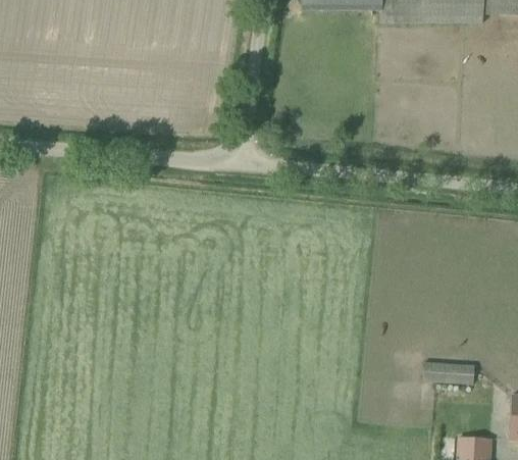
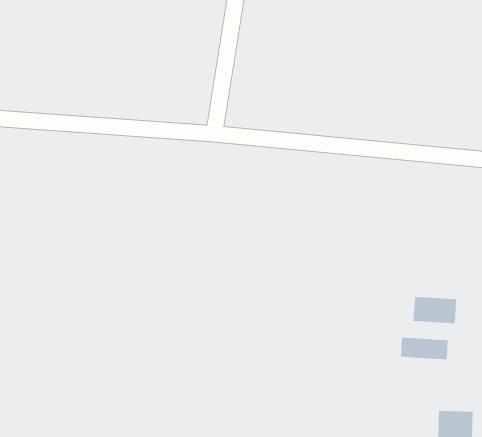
building: none -> [413,296,457,324]

